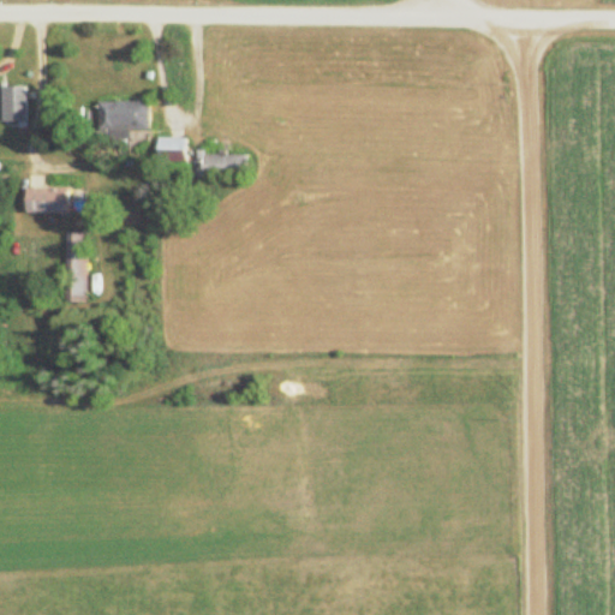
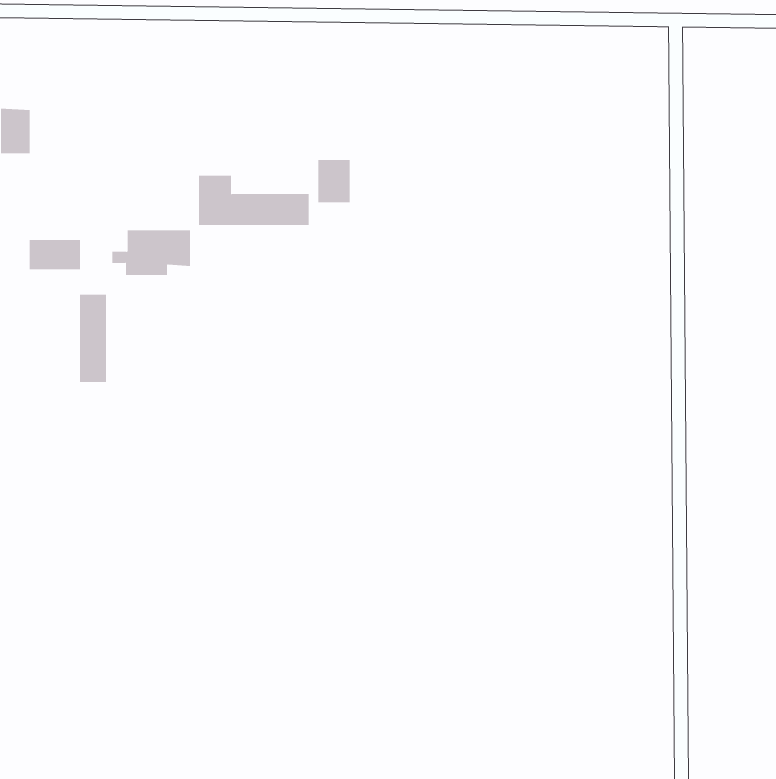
building: [85,101,148,137] -> [112,230,191,276]
building: none -> [318,159,350,203]

